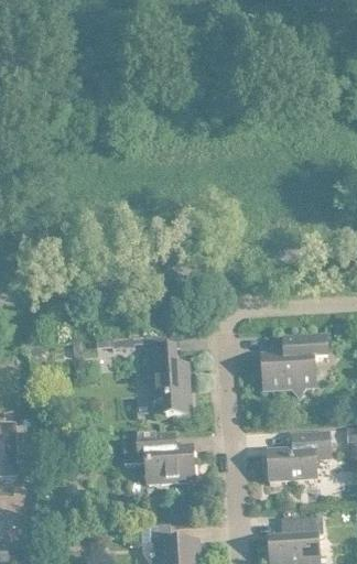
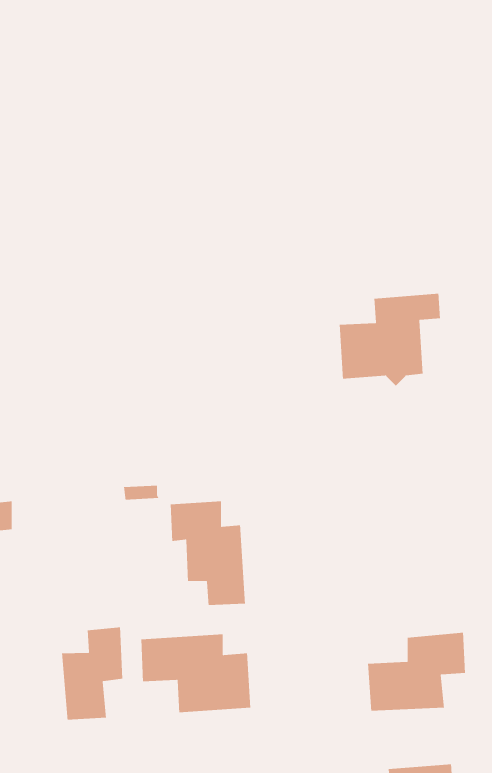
building: [262,335,327,394] -> [339,293,441,386]
building: none -> [61,627,123,721]

